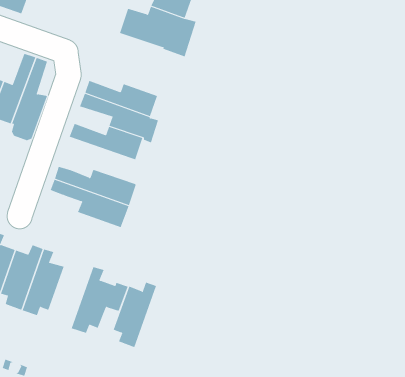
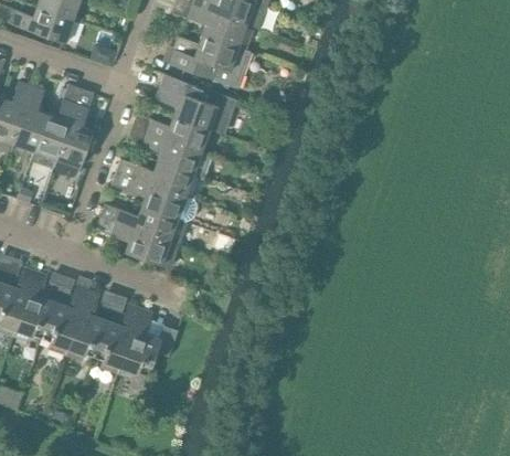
building: none -> [156,72,236,134]
building: none -> [110,171,196,221]
building: [113,282,157,348] -> [94,304,140,373]

